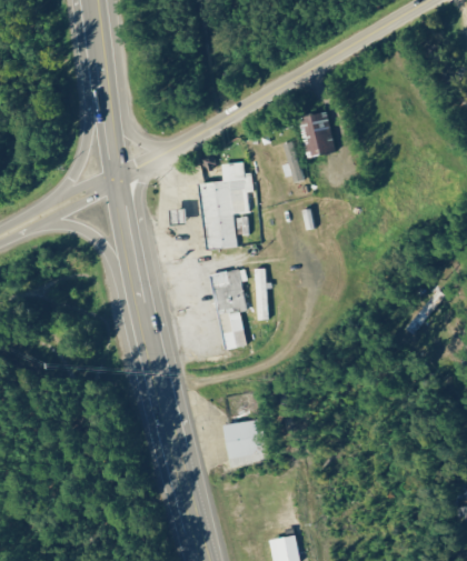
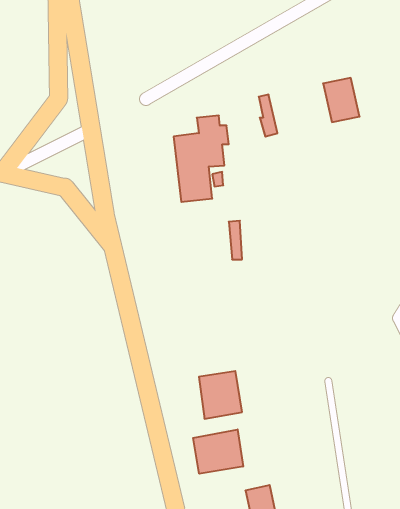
building: [299,113,336,158] -> [323,78,360,122]
building: [209,268,247,351] -> none
building: none -> [193,429,243,474]

